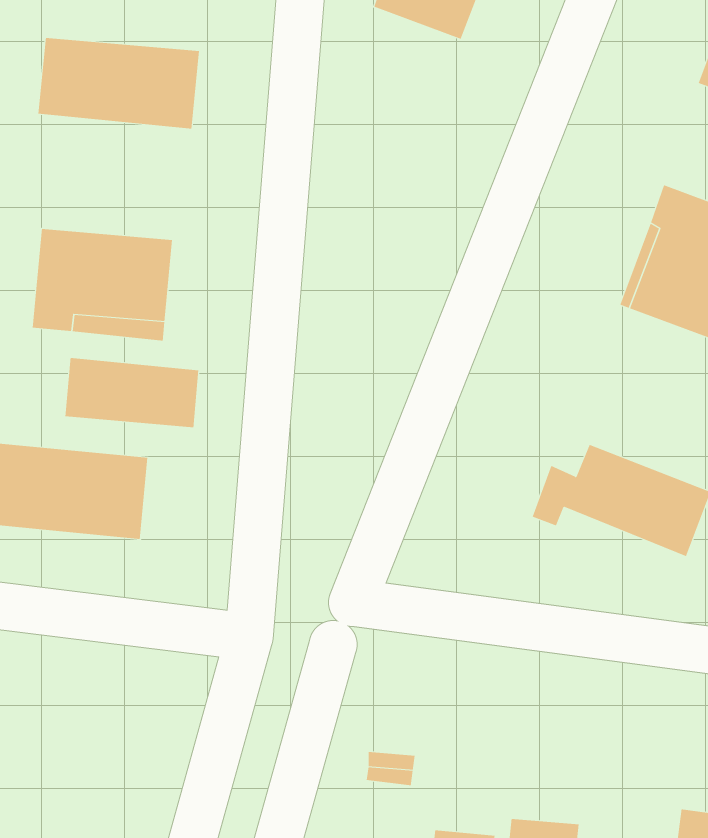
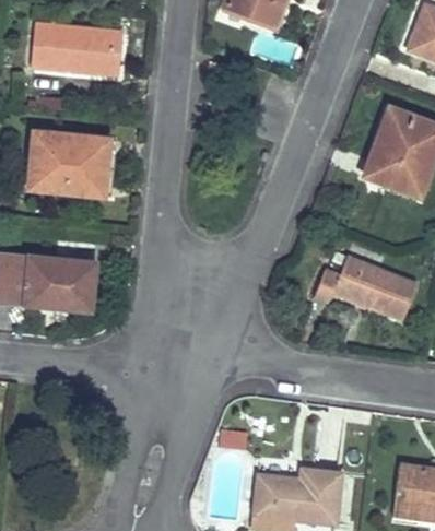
building: [65,357,199,428] -> none

